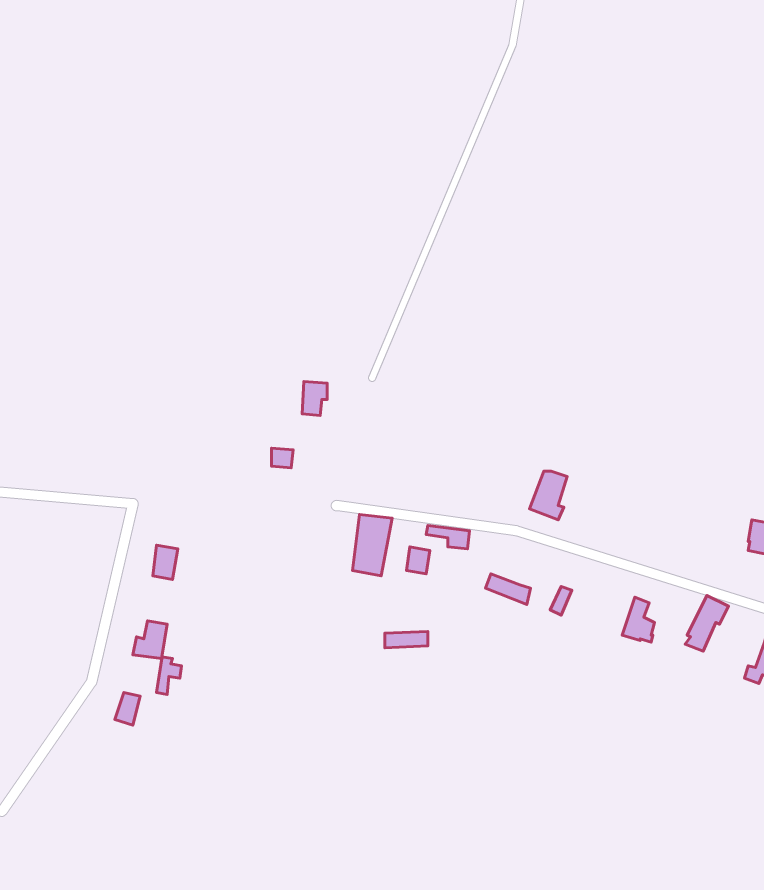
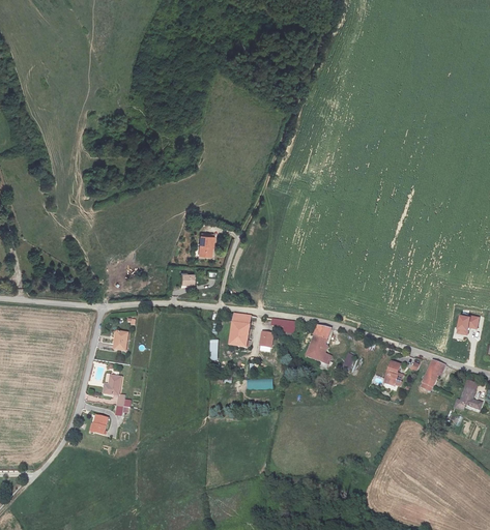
building: [530,471,567,520] -> [309,324,330,352]

